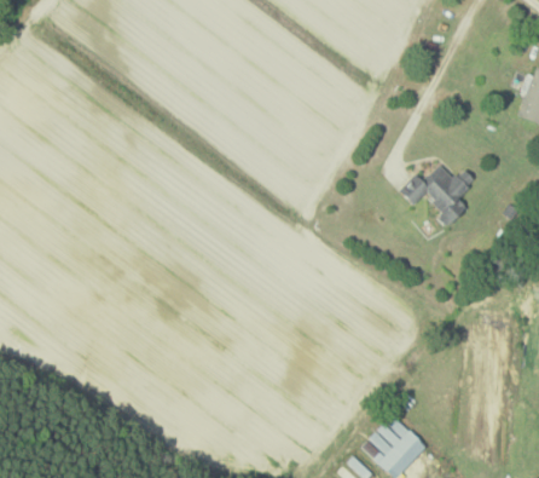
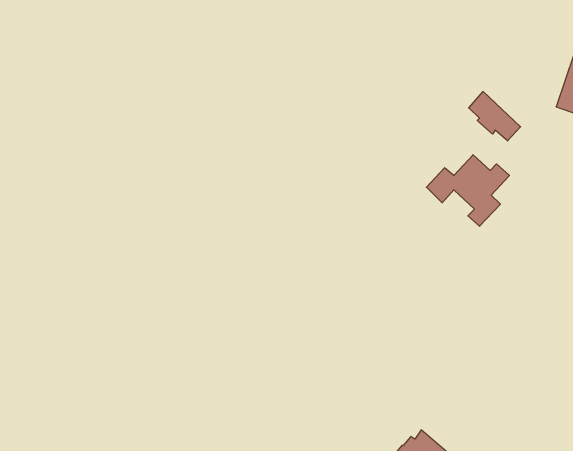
building: none -> [469,92,521,141]

